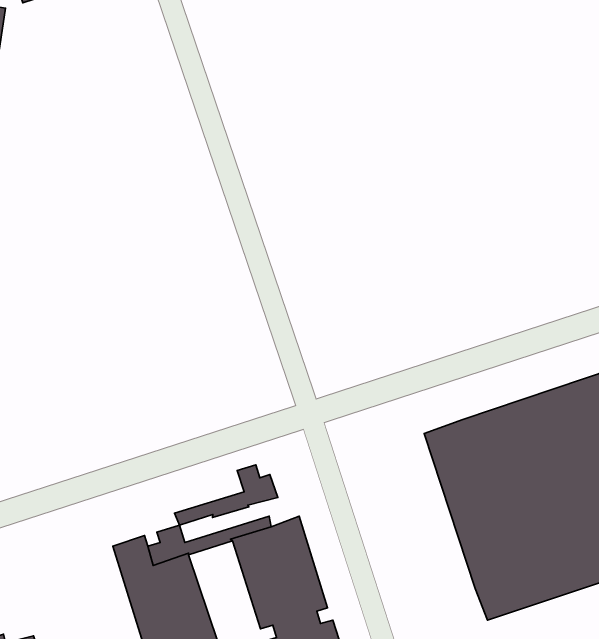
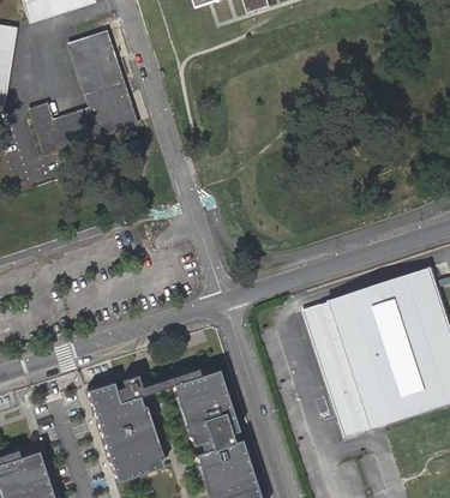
building: none -> [31,32,134,152]
building: [175,465,278,525] -> none

